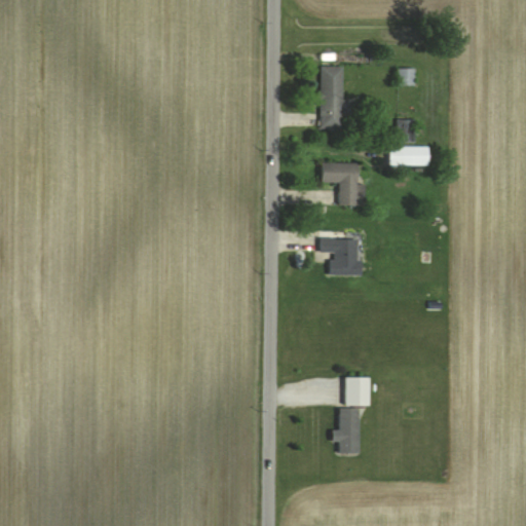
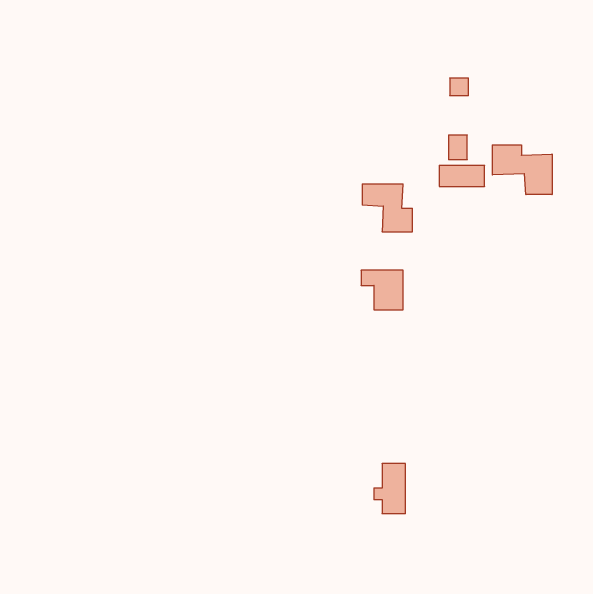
building: [321,66,347,128] -> none
building: none -> [492,145,552,195]
building: [344,378,369,406] -> none

